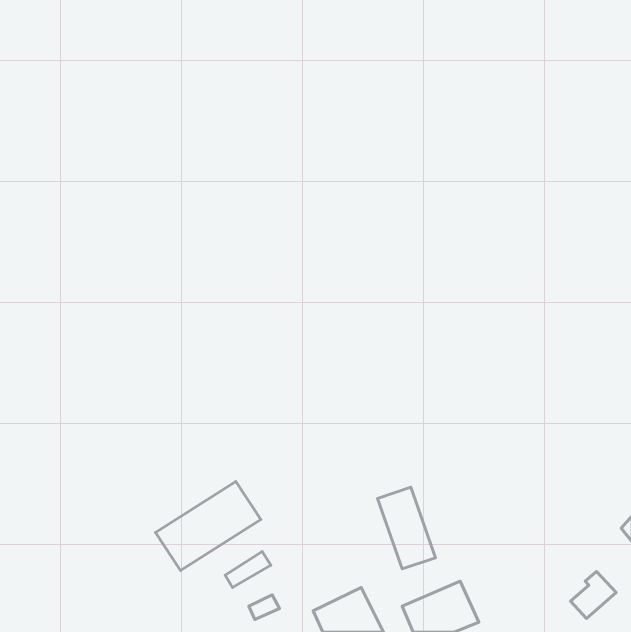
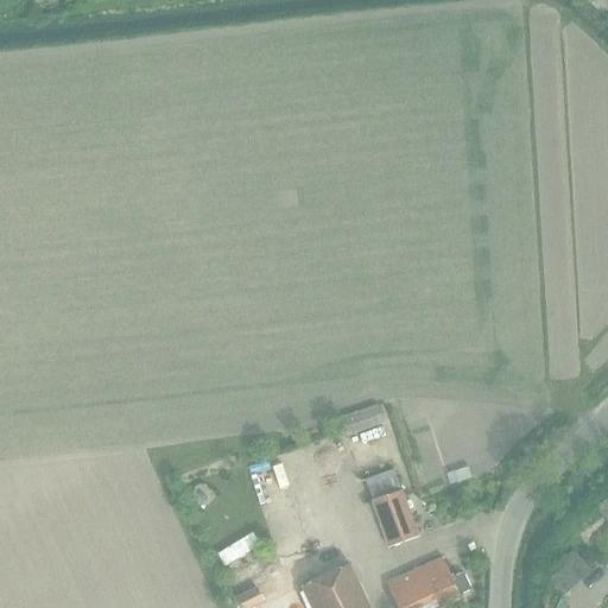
building: none -> [340,403,384,435]
building: [155,482,261,571] -> none

